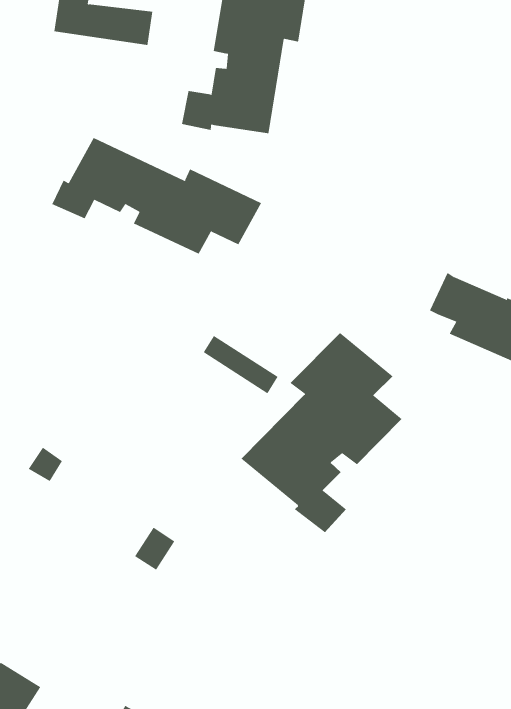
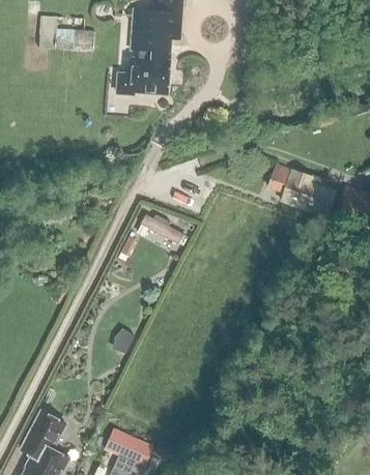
building: [52,137,262,255] -> none
building: [241,332,402,533] -> none

